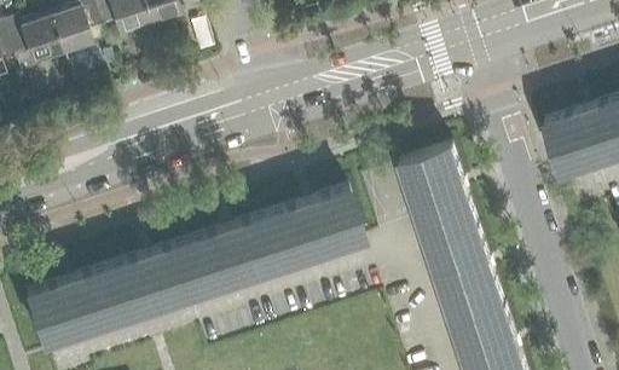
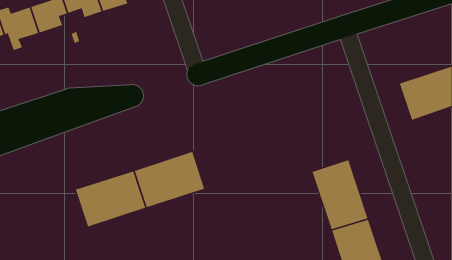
building: [398,148,475,244] -> none
building: [264,190,360,268] -> none
building: [24,268,121,346] -> none

